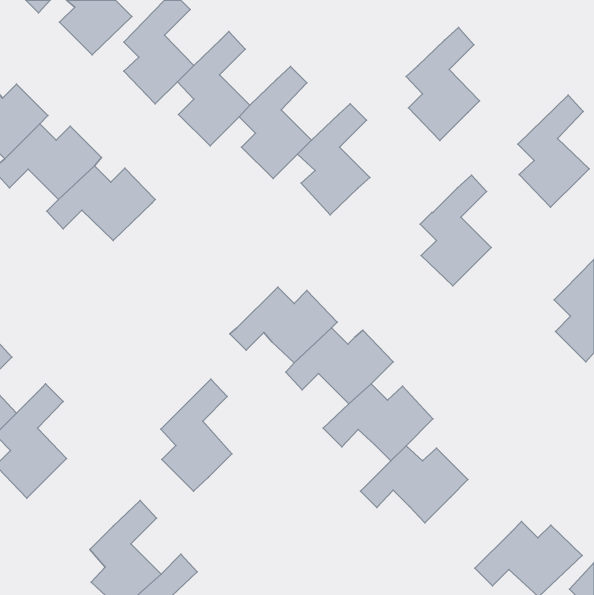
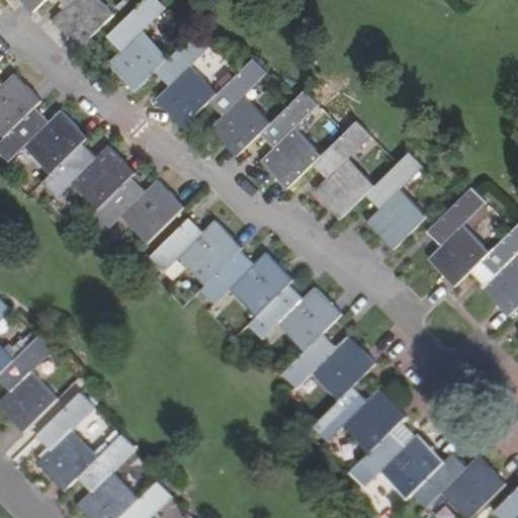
building: [406,27,480,141] -> [311,121,374,220]
building: [518,95,589,207] -> [427,189,489,286]
building: none -> [90,177,184,244]
building: none -> [150,220,243,285]
building: [161,379,232,491] -> [36,393,98,490]
building: none -> [350,432,443,499]

